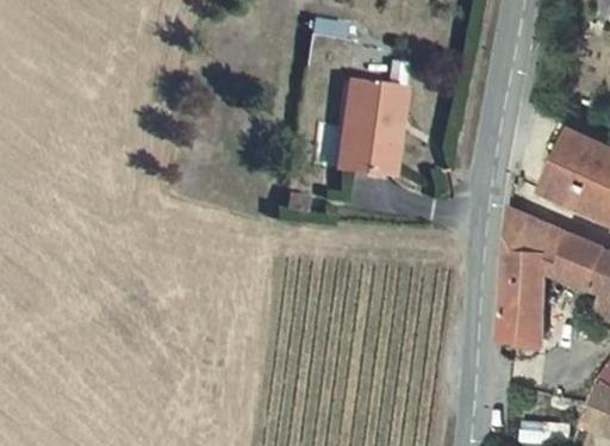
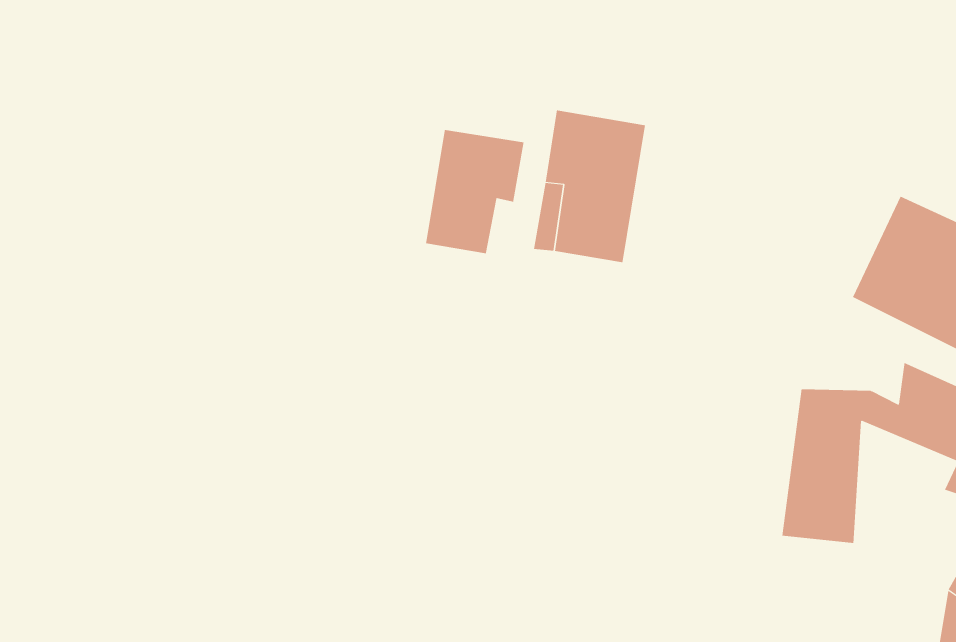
building: none -> [425,129,524,254]
building: [505,209,569,260] -> none

